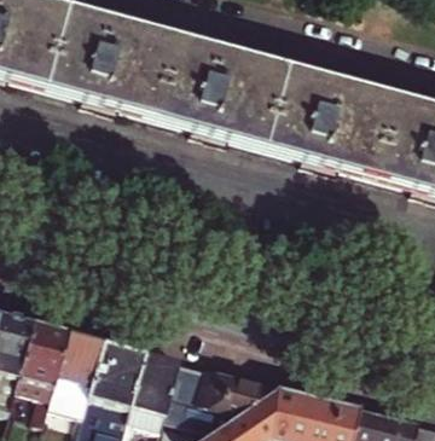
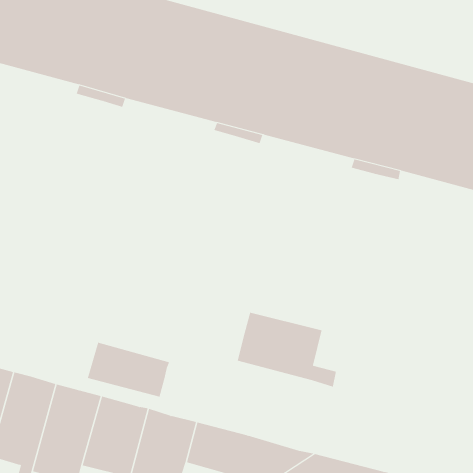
building: none -> [237,312,337,387]
building: none -> [87,342,170,398]

